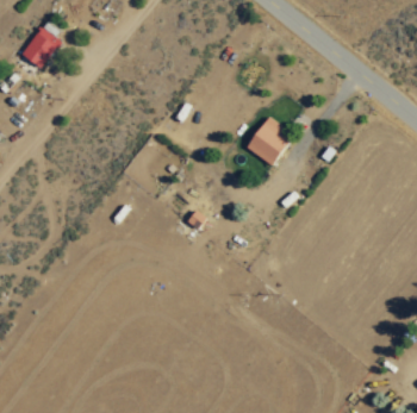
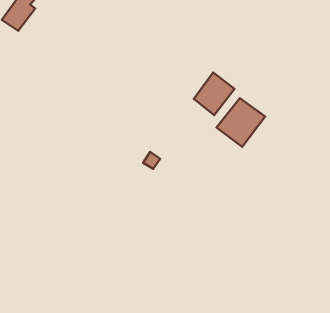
building: none -> [216,98,265,147]

